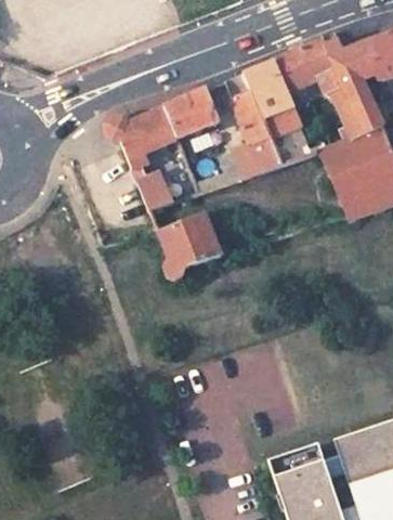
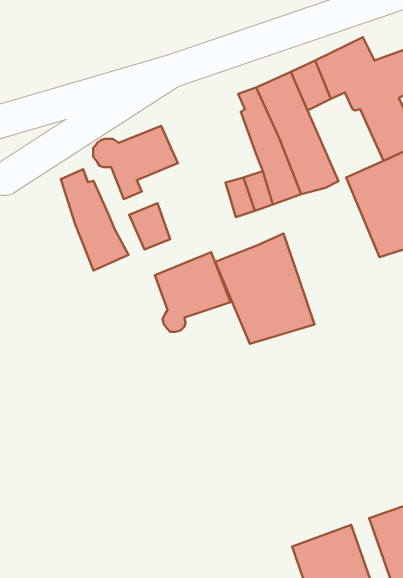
building: [162,90,219,139] -> none
building: none -> [61,169,129,270]
building: none -> [215,234,314,344]

